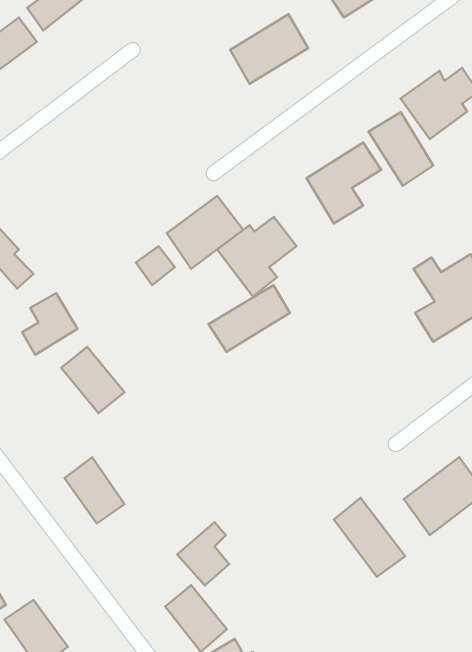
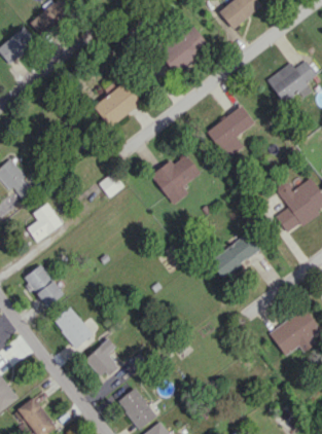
building: [369,112,433,186] -> none
building: [167,196,243,269] -> [94,81,142,128]
building: [209,285,290,352] -> [208,234,259,277]
building: [61,347,125,413] -> [24,264,64,306]
building: [334,498,405,577] -> none
building: [177,522,229,585] -> [84,338,117,378]

